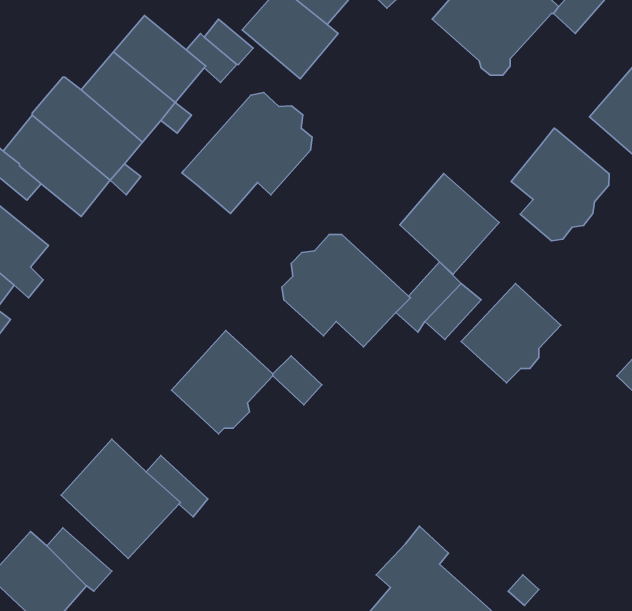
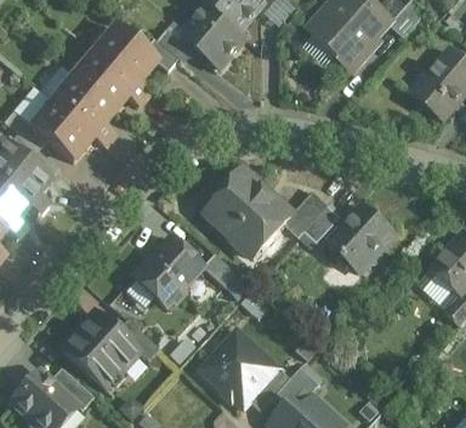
building: [182,93,312,214] -> none
building: [511,128,609,241] -> none
building: [400,173,499,274] -> none
building: none -> [197,324,290,411]

